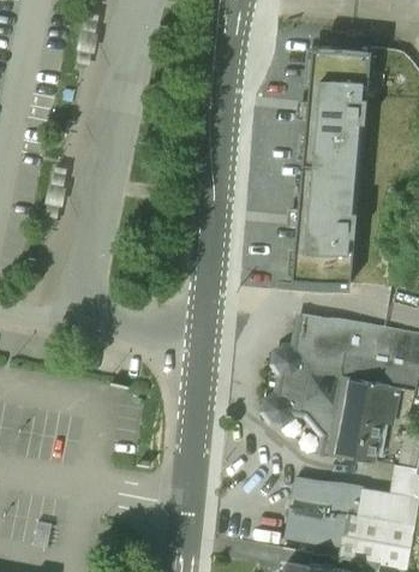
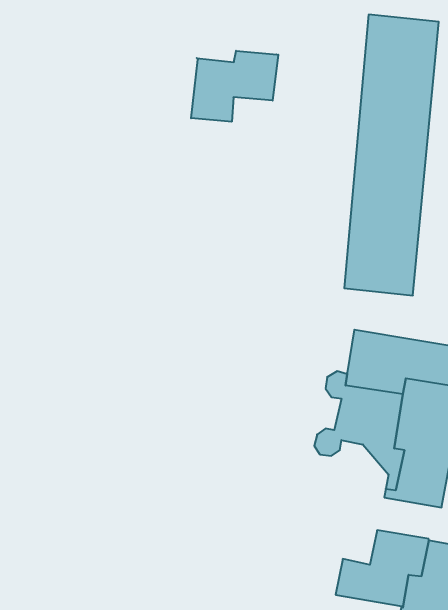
building: none -> [191,51,278,122]
building: [291,476,319,510] -> none

